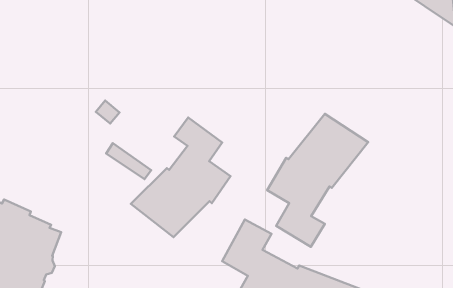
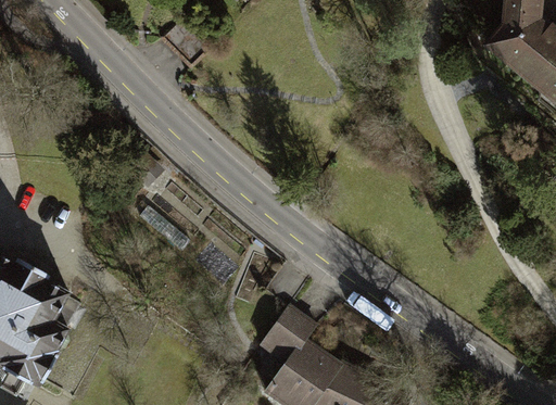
building: [267,114,368,247] -> none
building: [131,118,231,237] -> none

